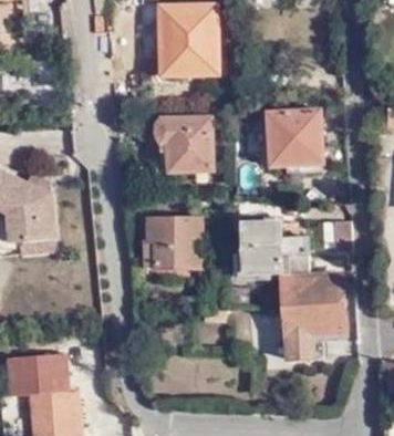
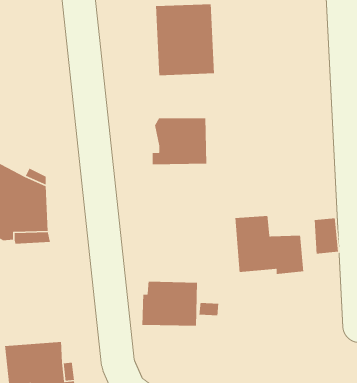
building: [270,111,323,172] -> none
building: [143,222,200,269] -> [141,281,198,327]
building: [281,277,346,365] -> none

